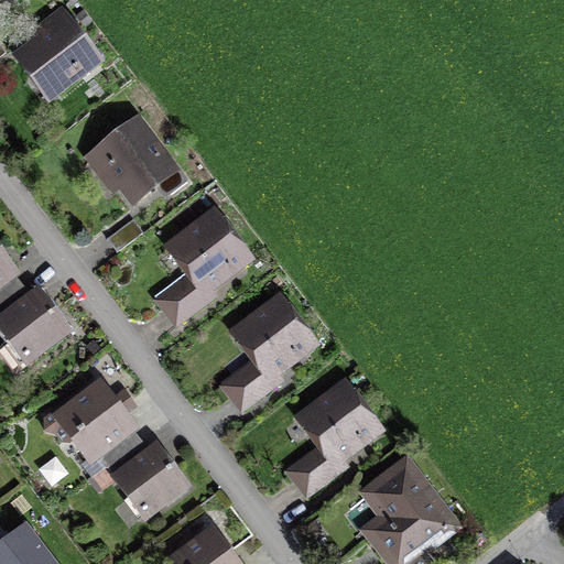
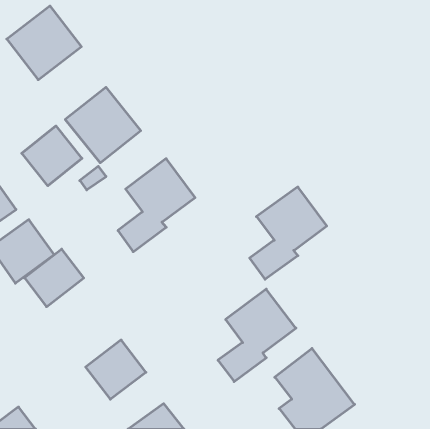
building: none -> [22,126,82,186]
building: [219,291,319,411] -> [250,187,327,279]
building: [62,389,139,464] -> [24,249,84,307]

